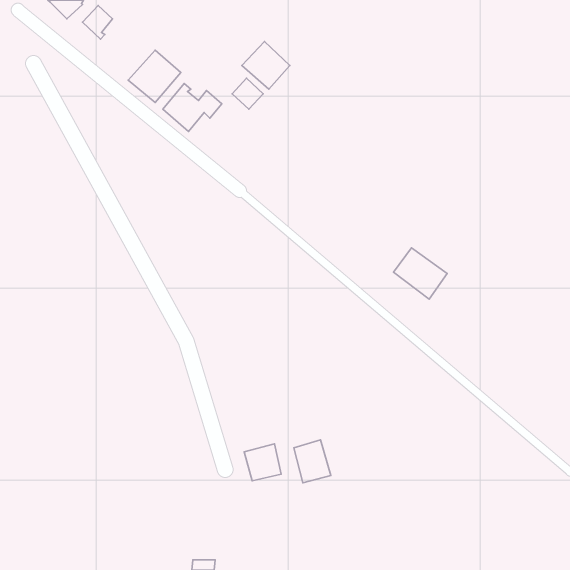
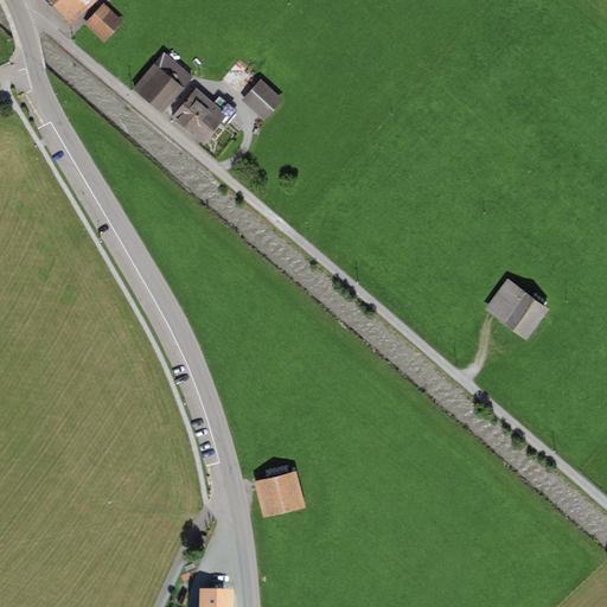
building: [242,41,290,89] -> none
building: [394,248,447,299] -> [487,279,544,333]
building: [294,440,331,483] -> none

